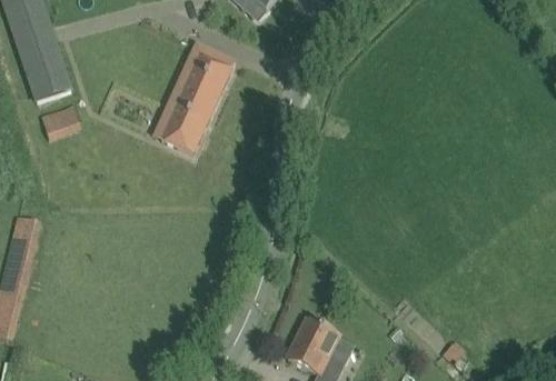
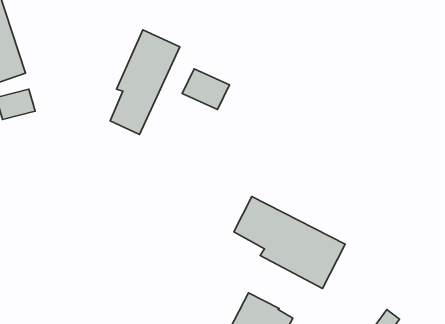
building: none -> [182,69,230,110]
building: none -> [234,196,345,288]

